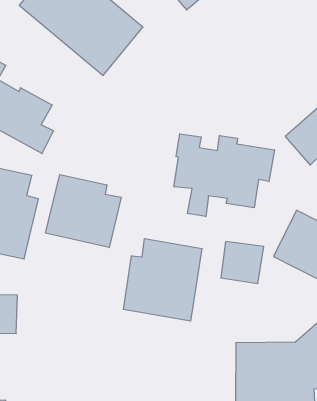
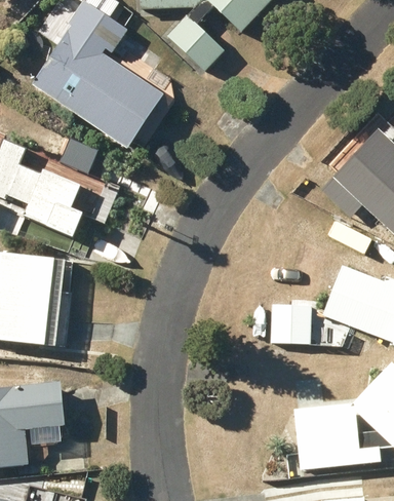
building: [174,134,275,217] -> none
building: [46,175,121,248] -> none
building: [124,239,202,321] -> none

